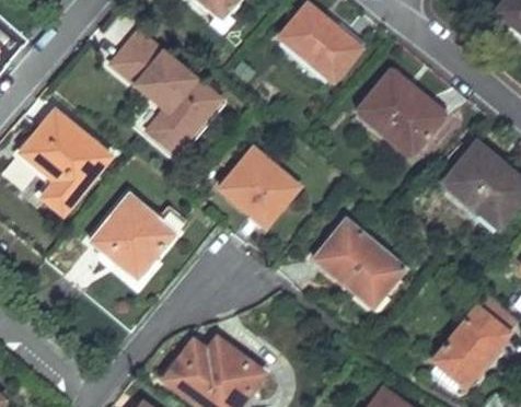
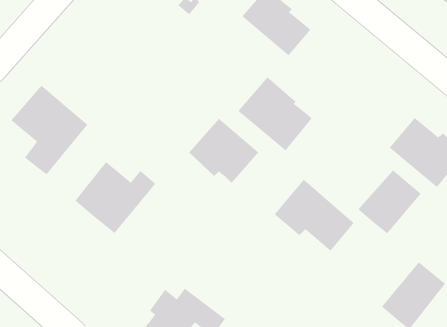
building: [112,38,218,156] -> none
building: [357,70,440,153] -> [238,76,312,151]
building: none -> [358,170,421,234]

